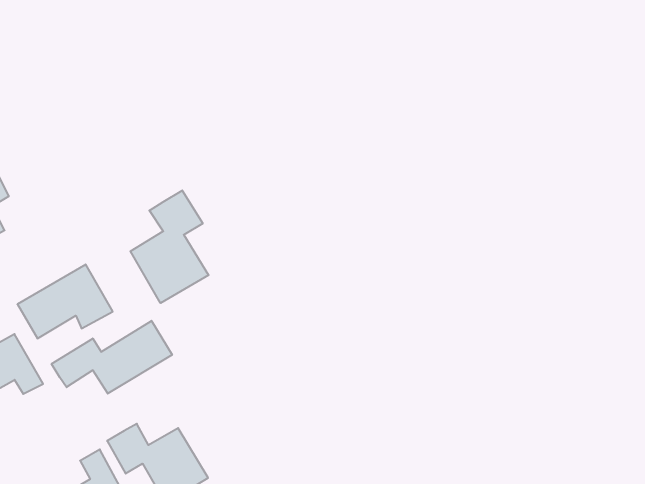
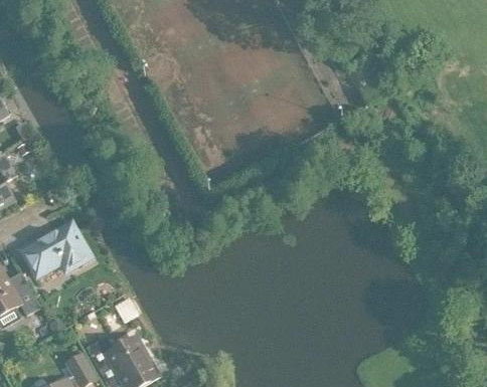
building: [130,190,209,303] -> none
building: [52,321,172,394] -> none

